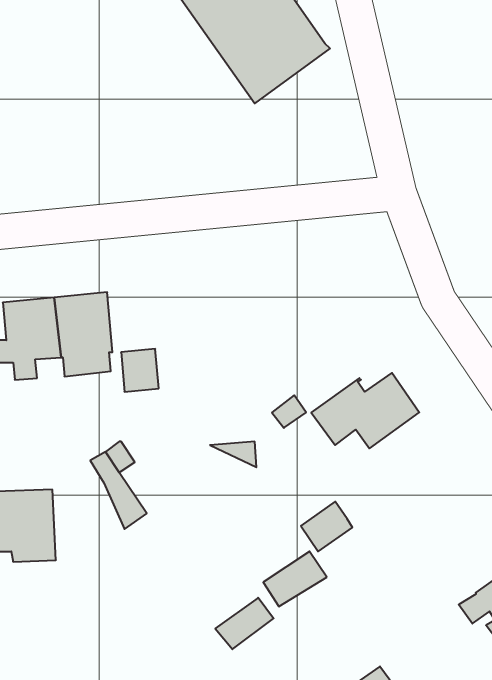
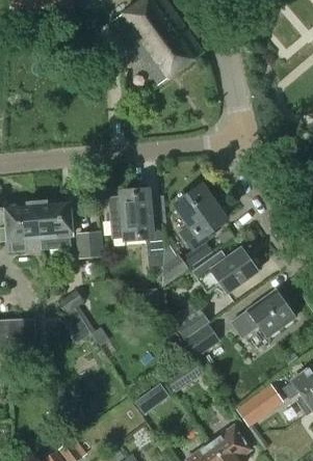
building: none -> [176,185,226,247]
building: none -> [109,190,163,259]
building: none -> [231,290,294,336]
building: none -> [171,308,208,337]
building: none -> [237,384,283,425]

